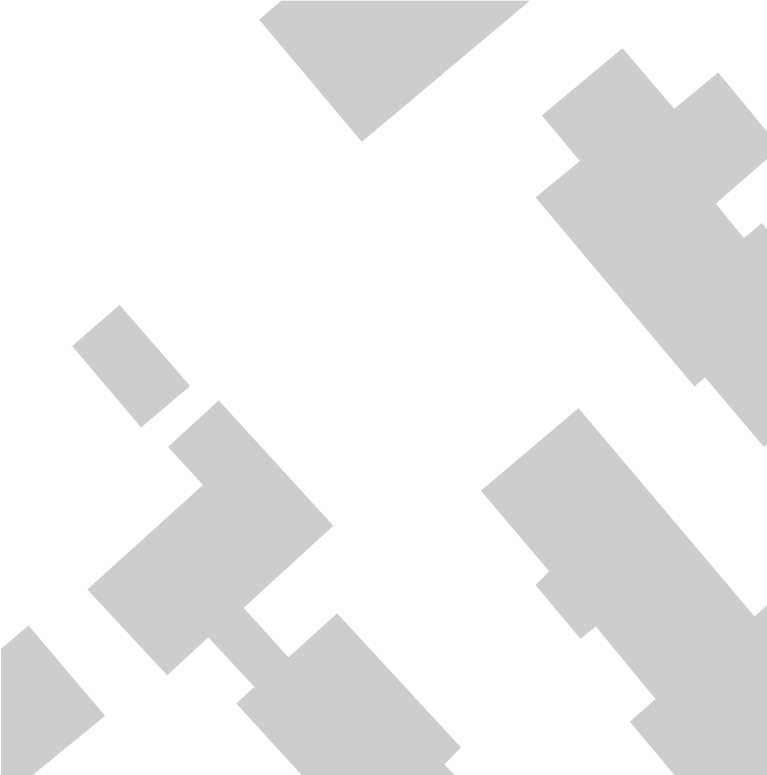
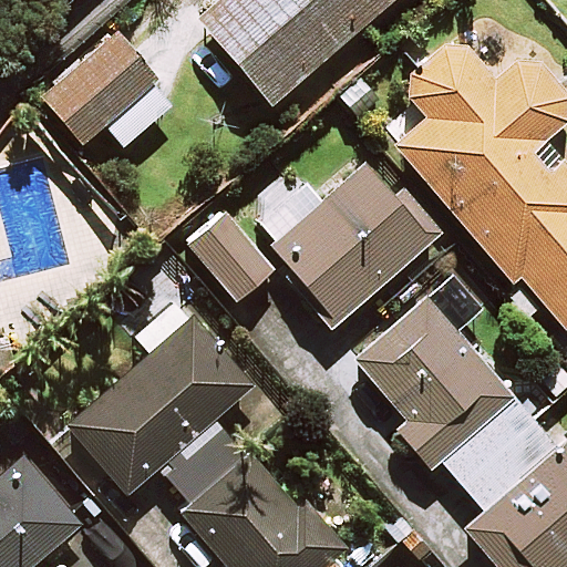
building: none -> [41,34,174,146]
building: none -> [250,165,441,323]
building: [71,304,191,428] -> [186,210,274,301]

